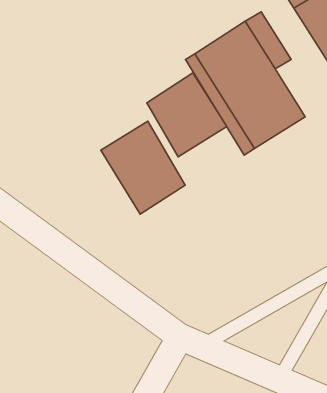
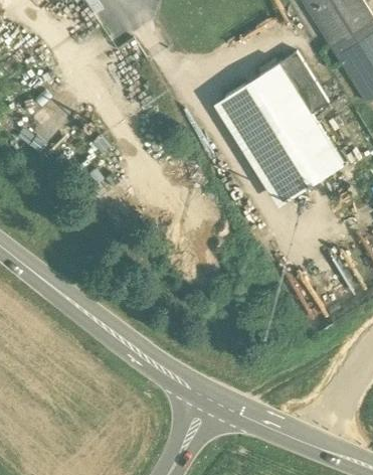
building: [147,73,227,157] -> none
building: [101,121,185,214] -> none

